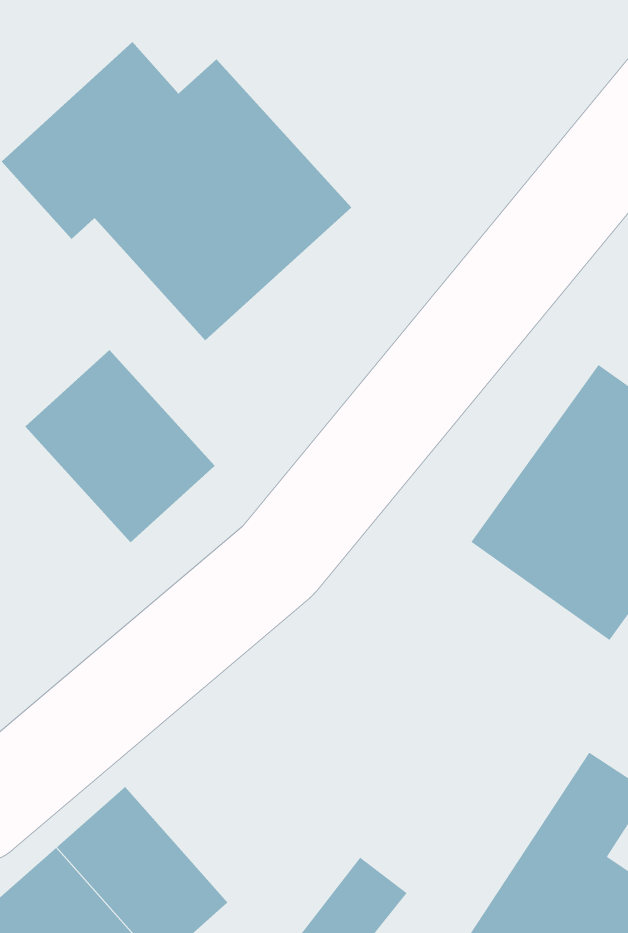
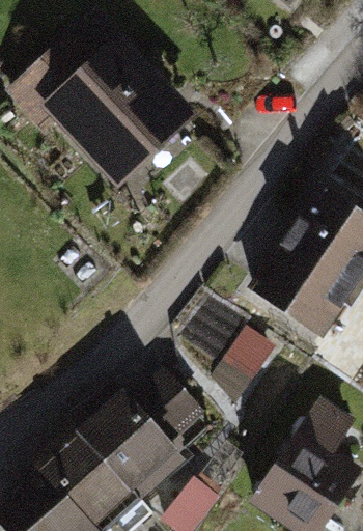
building: [24,349,216,543] -> none
building: none -> [74,361,196,503]

